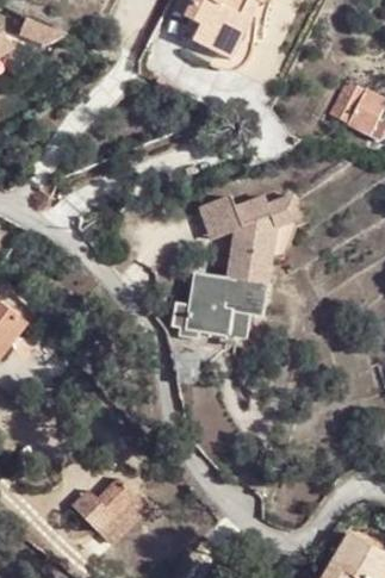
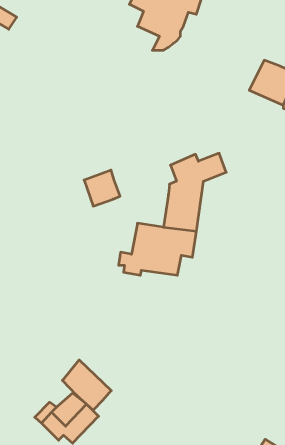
building: [200,193,243,236] -> [84,170,120,206]
building: none -> [62,360,111,410]

